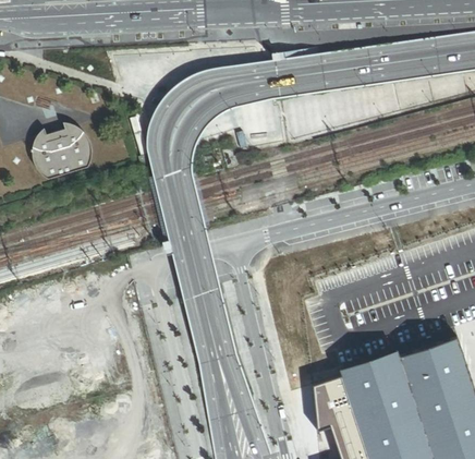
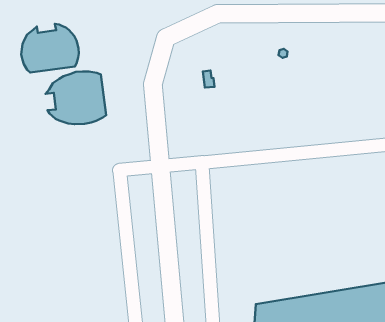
building: none -> [46,72,106,124]

